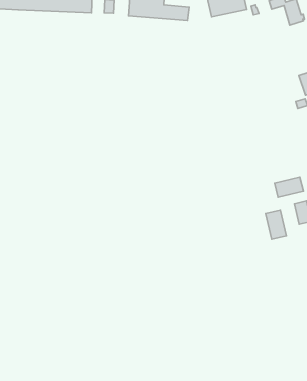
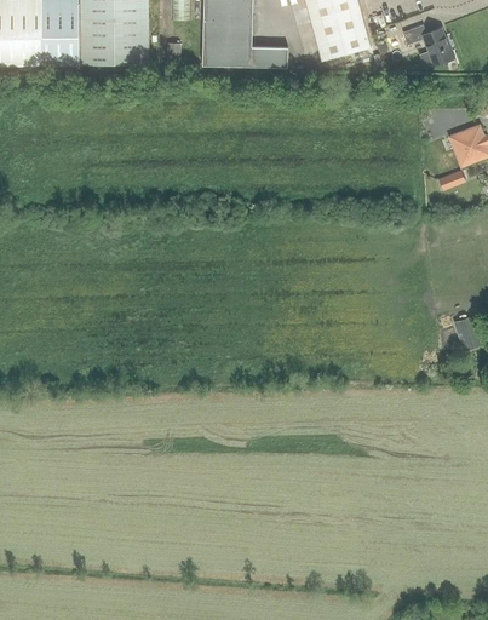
building: [275,177,303,197] -> none
building: [266,210,287,239] -> none

